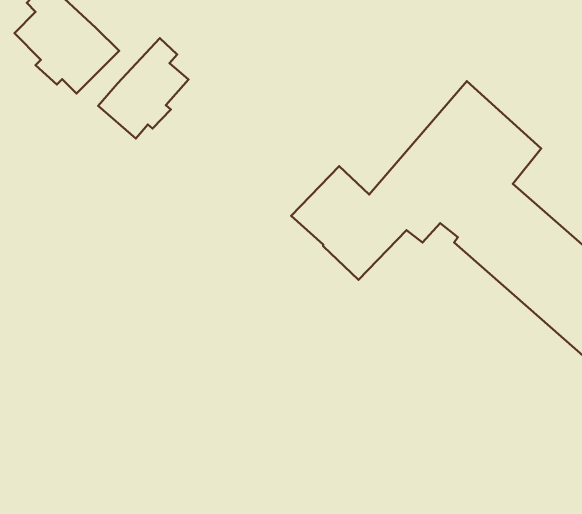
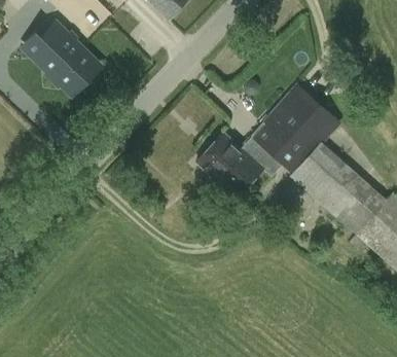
building: [98,38,188,138] -> none

